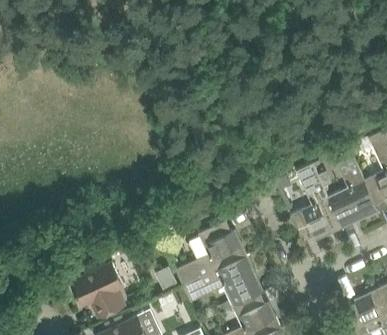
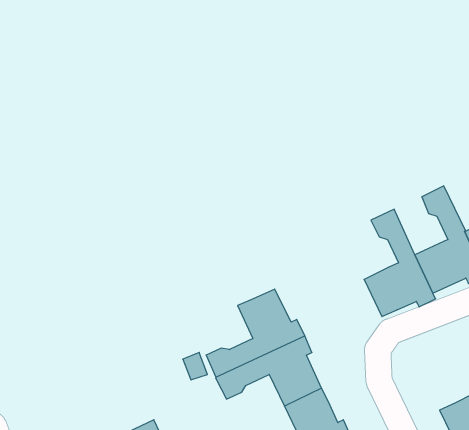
building: [71,263,124,318] -> none

